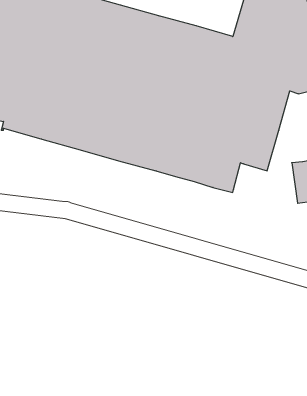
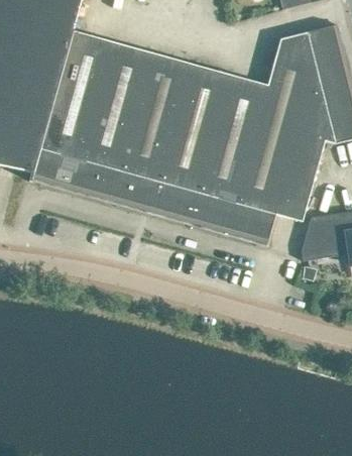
building: none -> [302,214,334,260]

